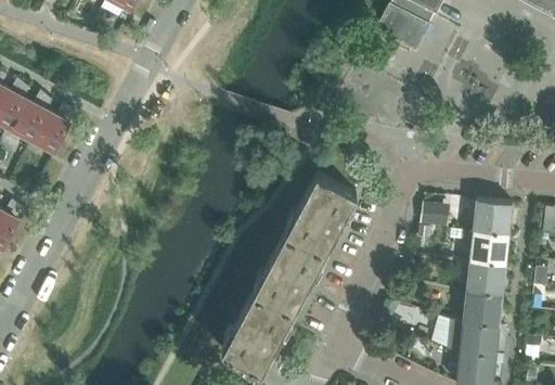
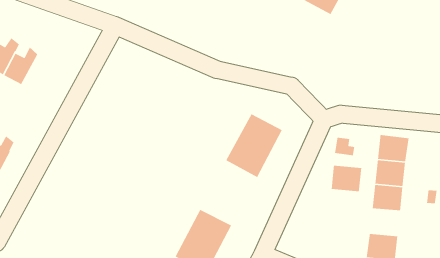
building: [33,105,76,153] -> none
building: [254,233,325,313] -> none
building: [464,293,503,326] -> [331,165,362,192]

